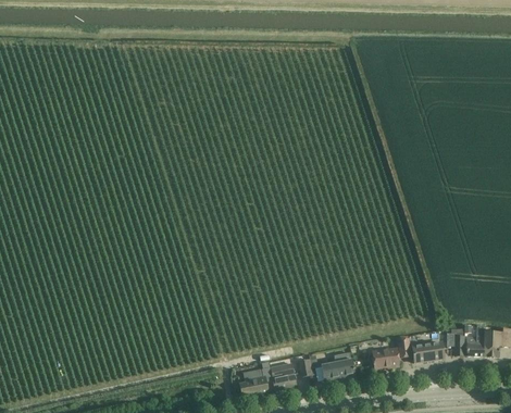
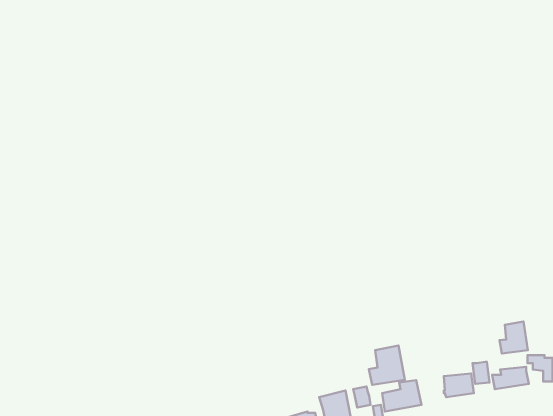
building: none -> [499,321,528,353]
building: none -> [369,345,405,385]

